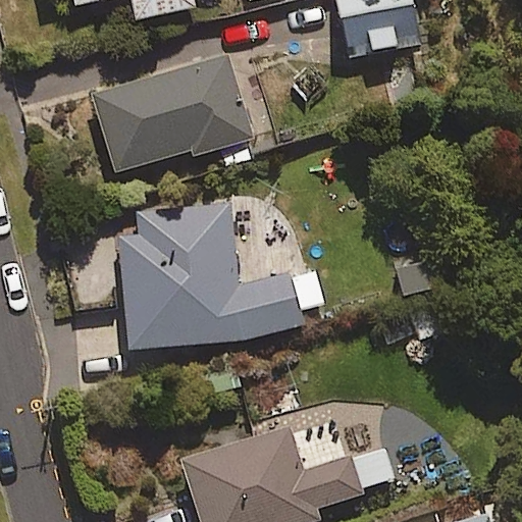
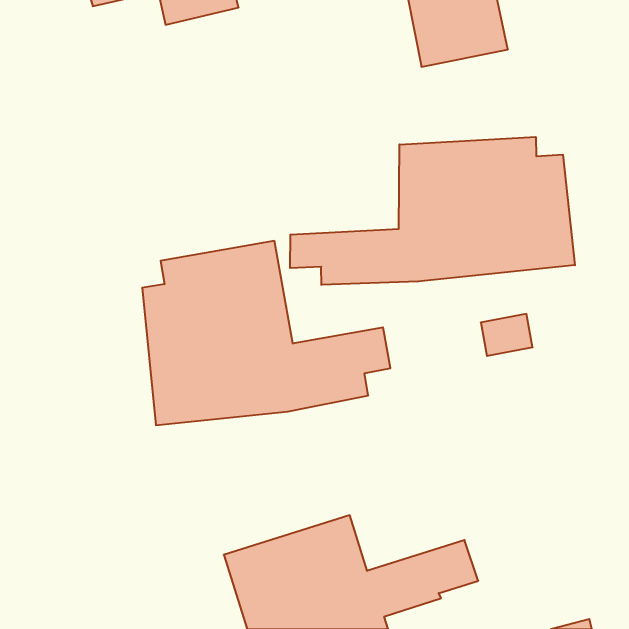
building: [95,58,255,171] -> none
building: none -> [290,137,575,285]

